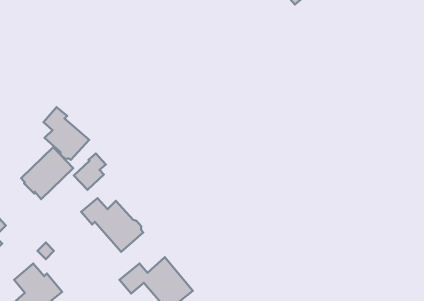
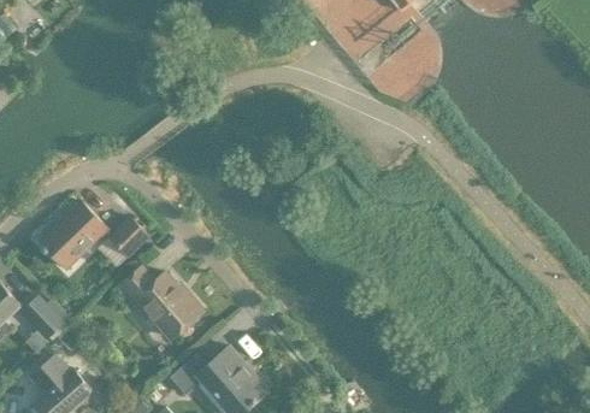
building: [43,107,89,160] -> none
building: none -> [22,295,65,340]

